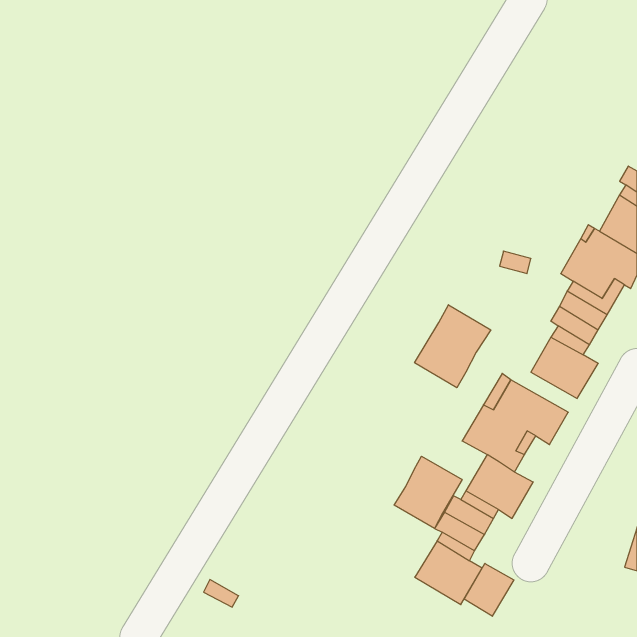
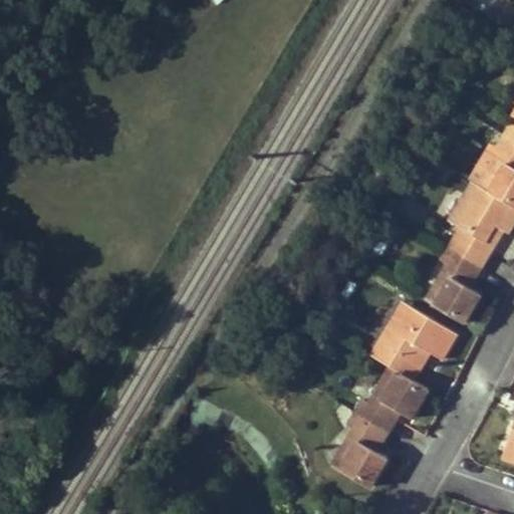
building: [415,305,491,388] -> none
building: [394,456,462,528] -> none
building: [464,563,514,616] -> none

